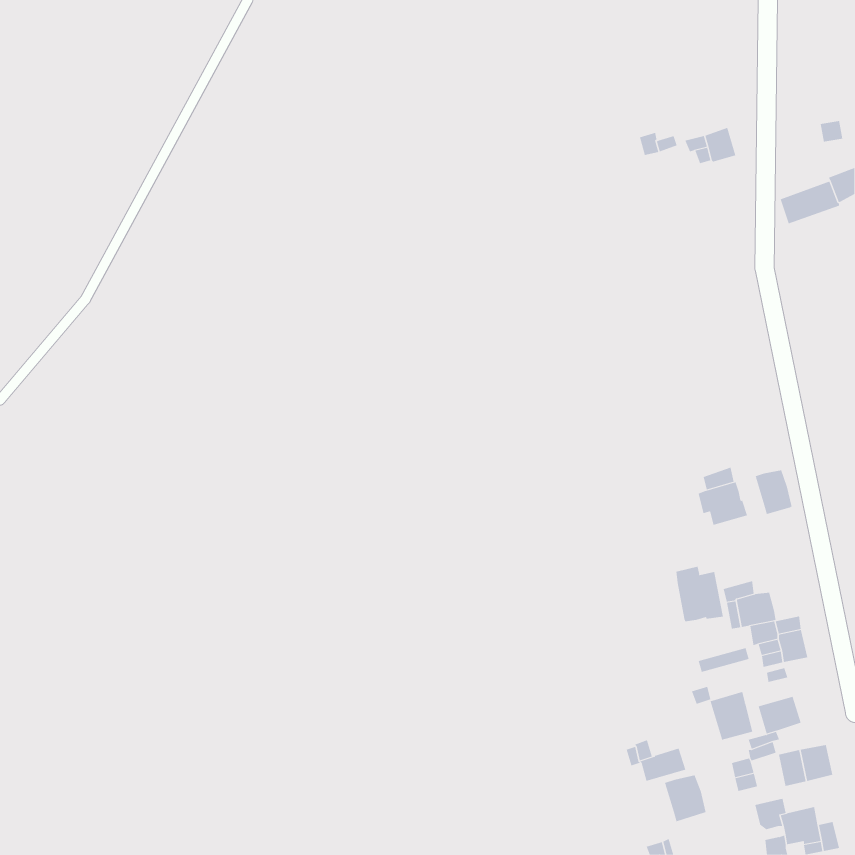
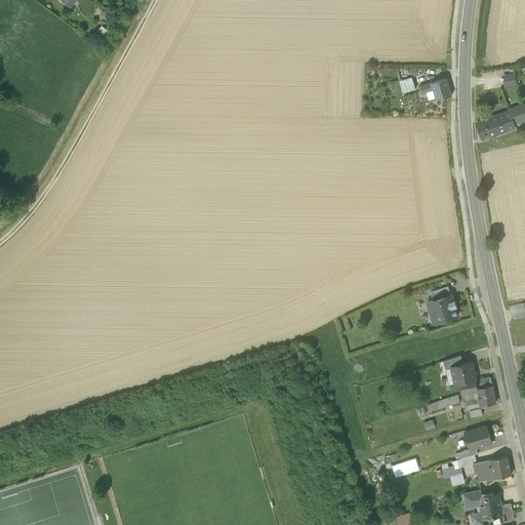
building: [755,469,792,515] -> none
building: [676,566,724,622] -> none
building: [710,691,753,741] -> none
building: [664,775,706,822] -> none

